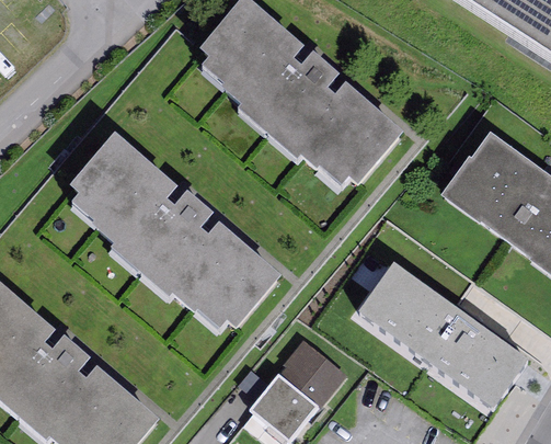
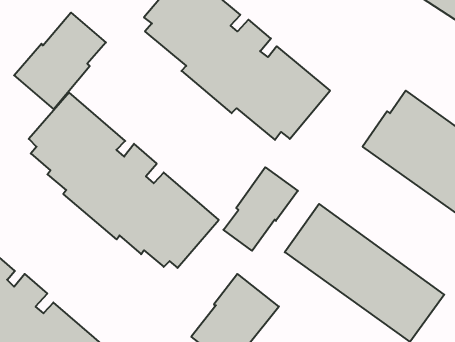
building: none -> [14,13,106,109]
building: none -> [223,167,298,251]

